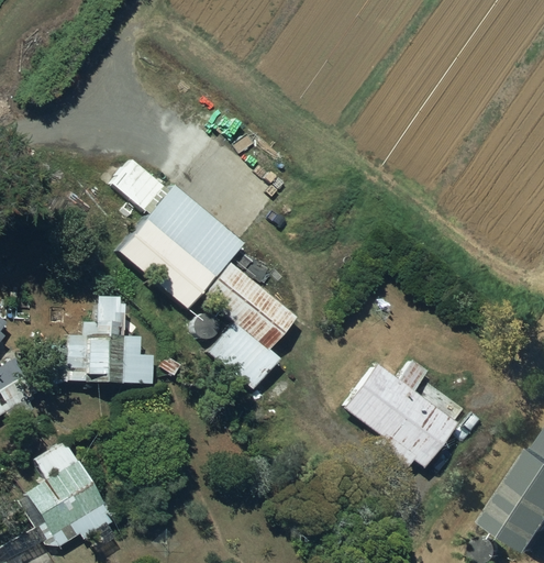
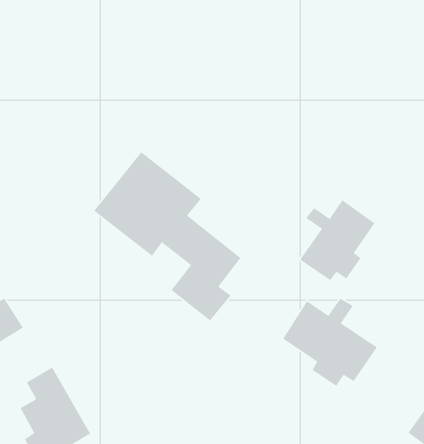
building: none -> [299,199,375,281]
building: [84,331,154,384] -> none

